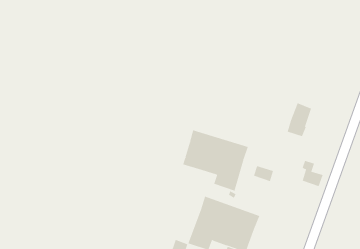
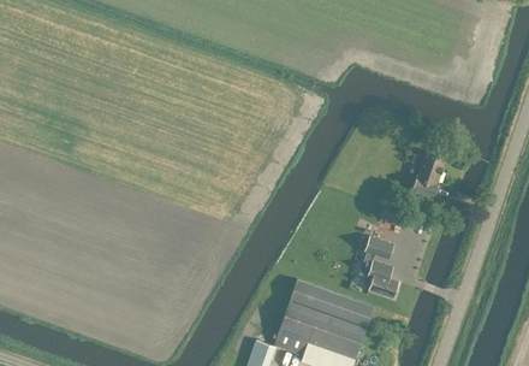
building: [182,129,249,192] -> none
building: [302,160,323,187] -> [367,259,397,296]

